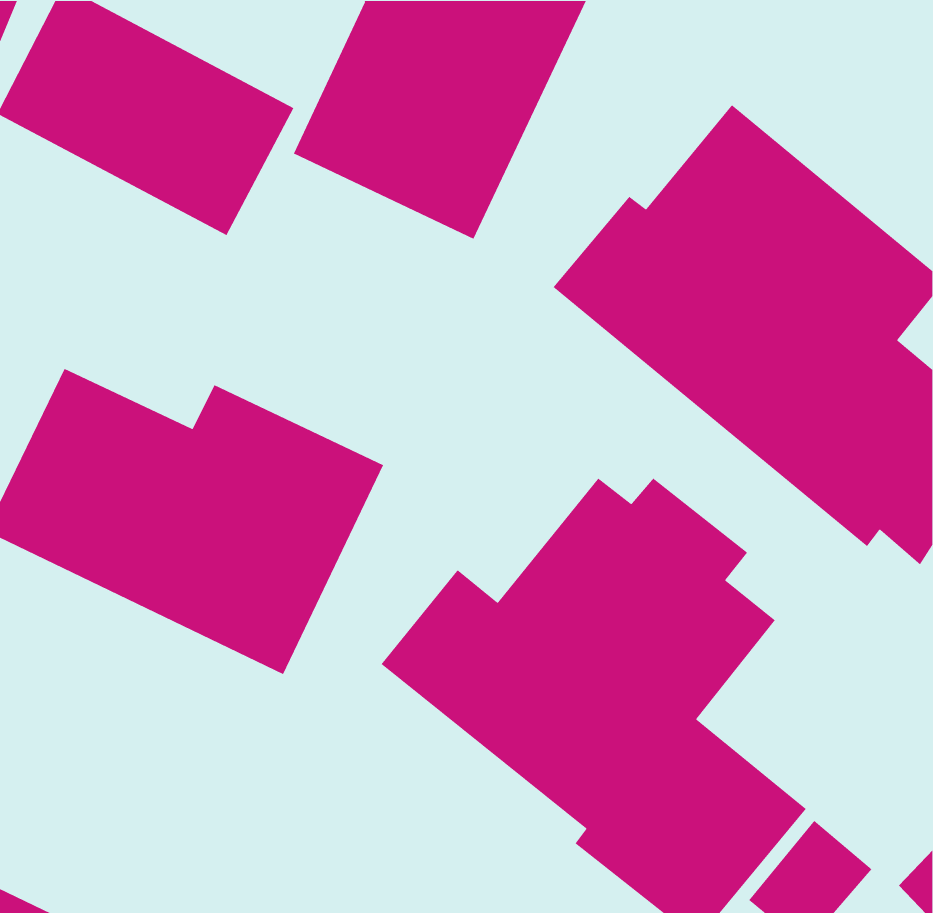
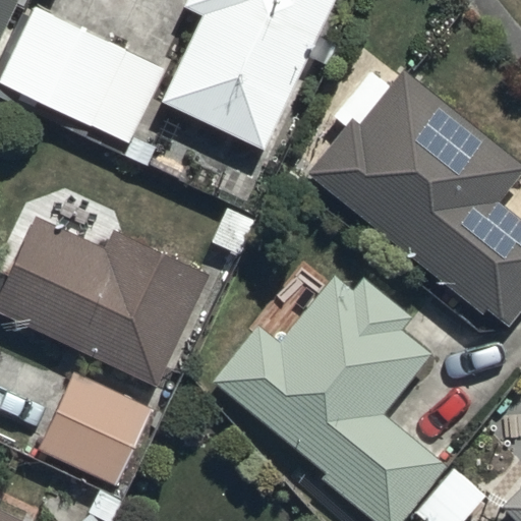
building: none -> [41,375,151,488]

